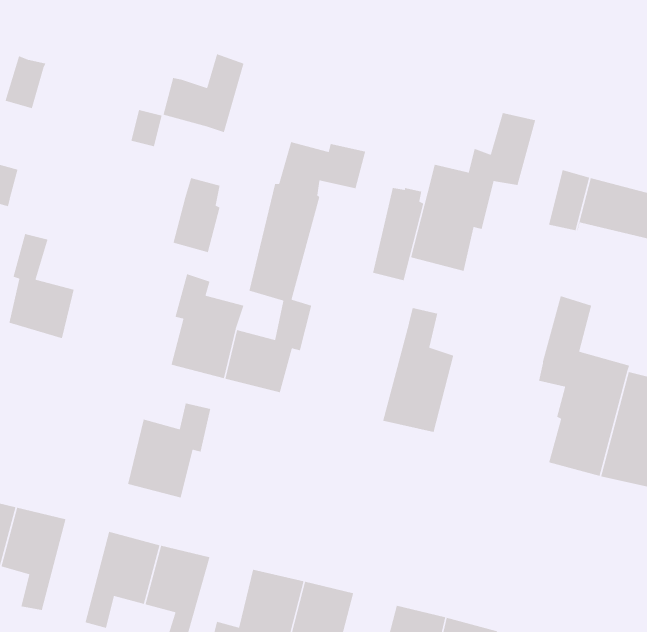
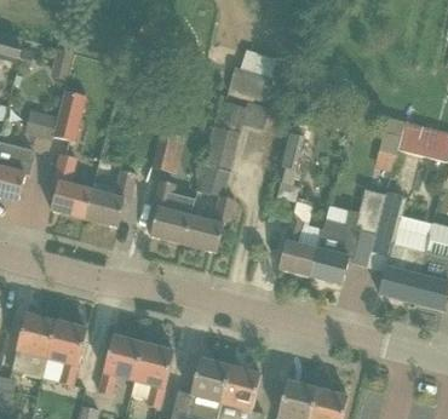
building: [162,53,244,133] -> [226,52,276,101]
building: [410,112,536,272] -> [309,188,385,285]
building: none -> [52,90,86,140]
building: [127,403,211,499] -> [84,170,134,228]

